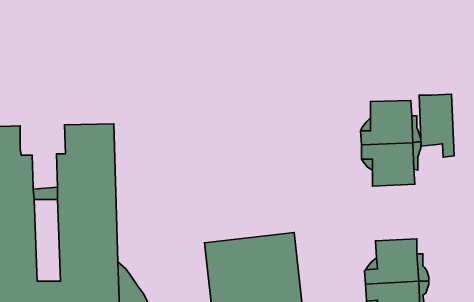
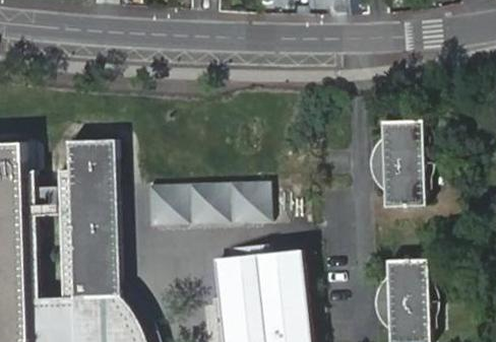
building: [419,94,454,157] -> none
building: none -> [148,180,271,223]

